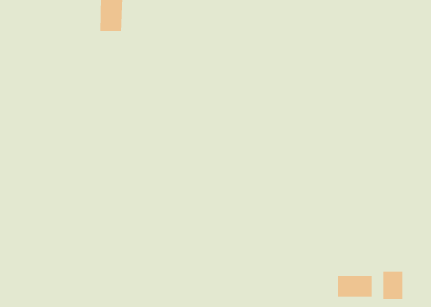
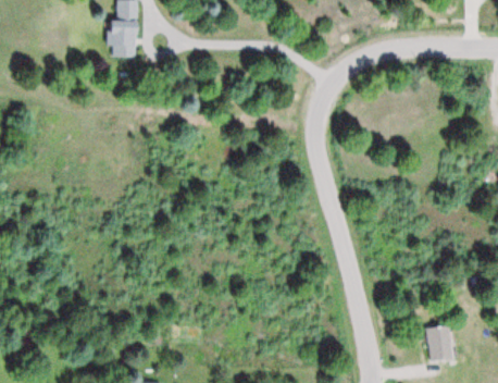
building: [337,275,373,297] -> none

